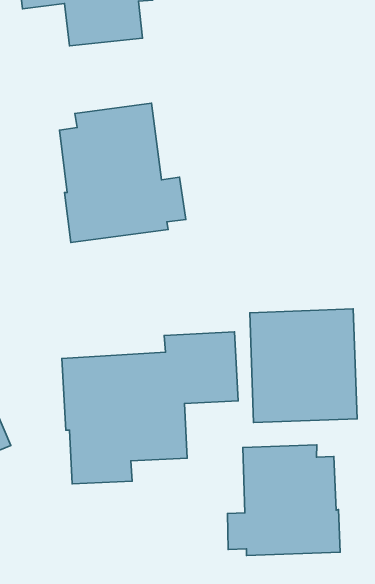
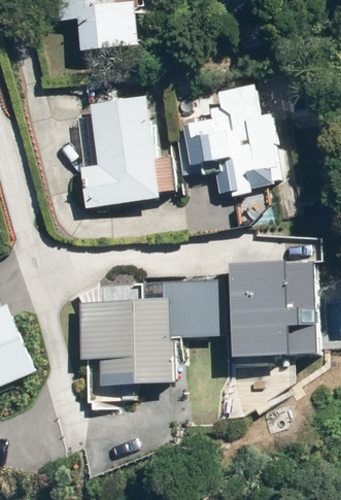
building: none -> [170,82,287,194]
building: [228,445,340,555] -> none

